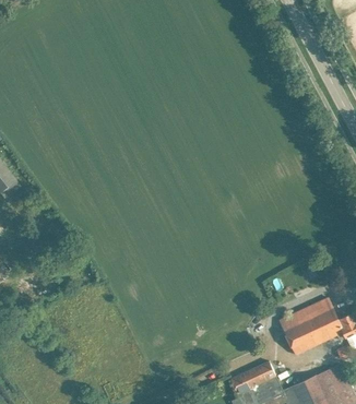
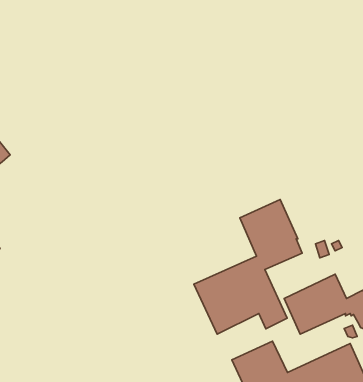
building: none -> [194,200,302,334]

